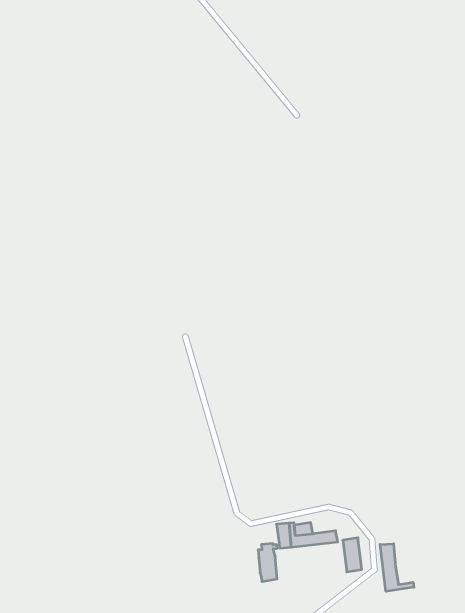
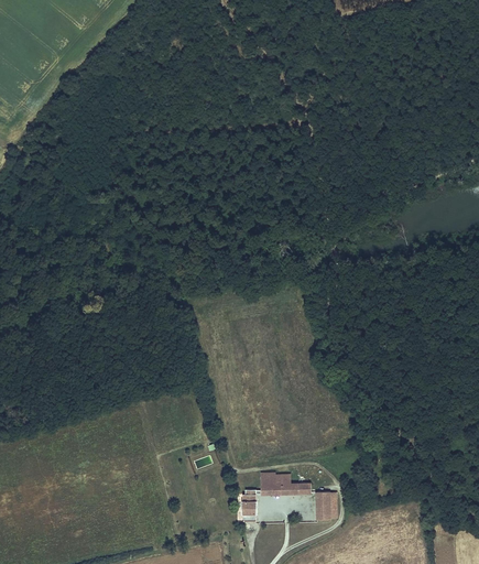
building: [380,544,414,591] -> none

